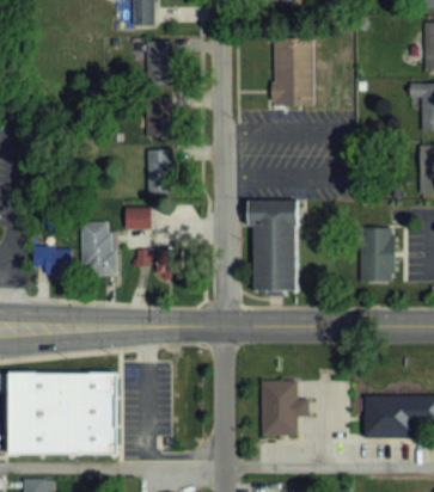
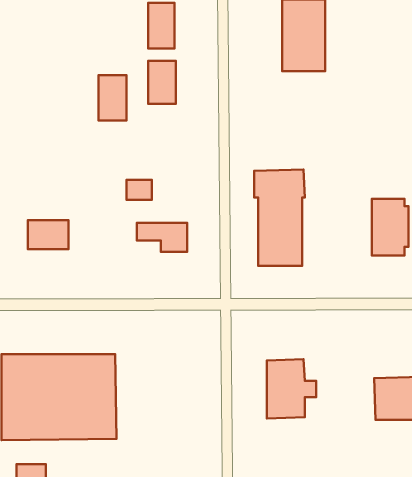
building: [147,150,173,193] -> [99,75,126,121]
building: [81,223,117,275] -> none

